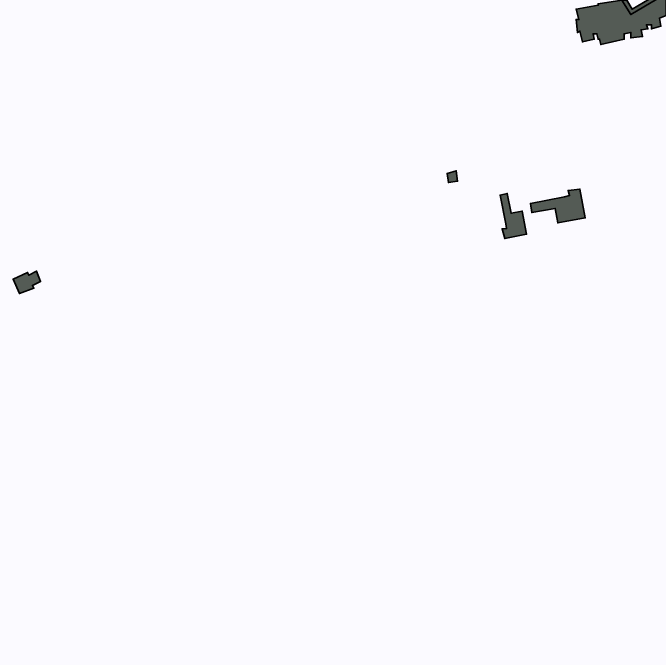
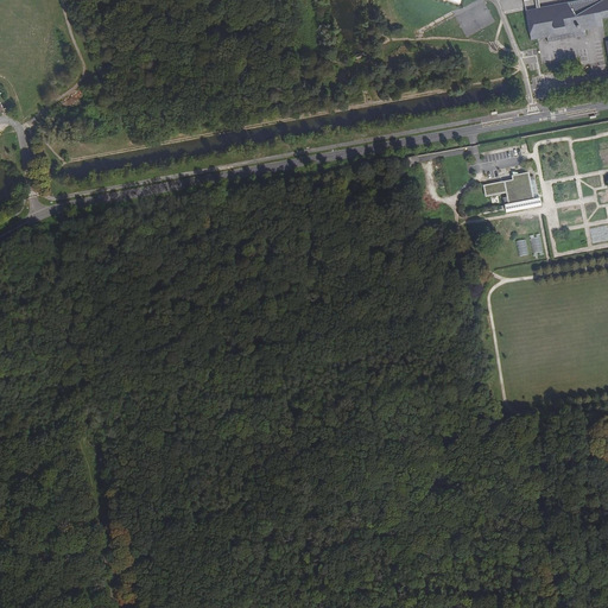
building: [500,194,527,239] -> none

